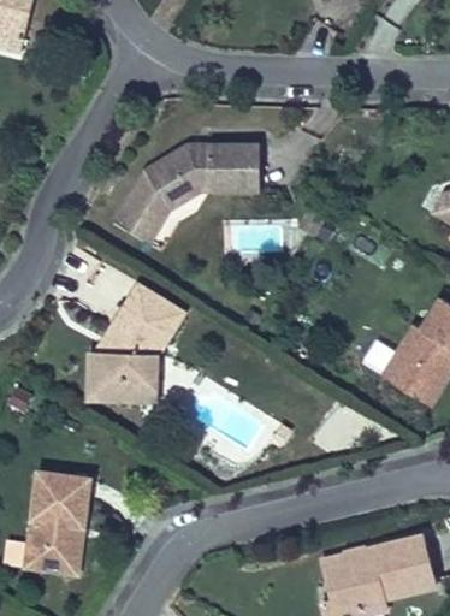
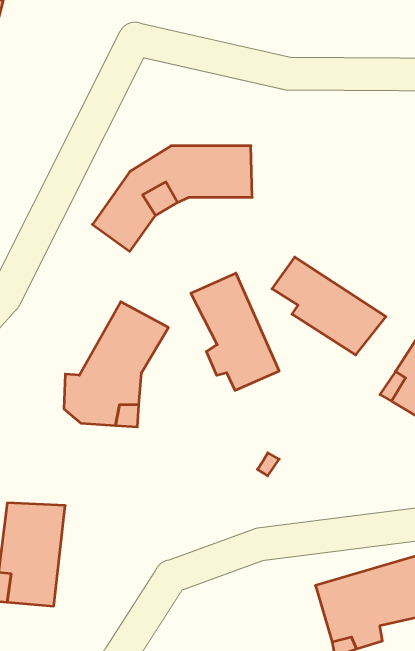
building: none -> [272,257,386,355]
building: none -> [191,273,279,390]

